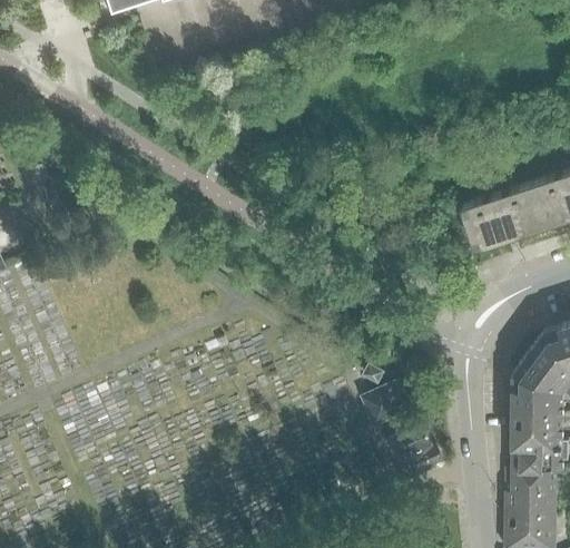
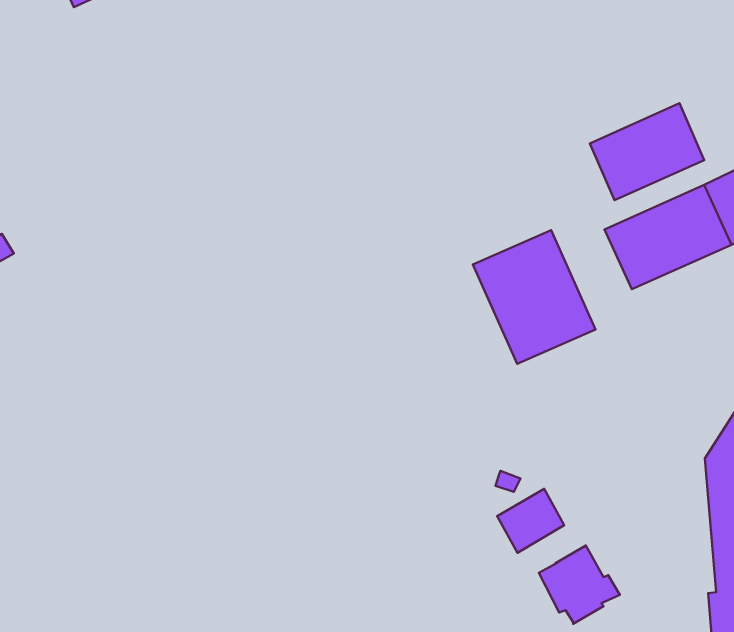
building: none -> [590,103,704,200]
building: none -> [473,230,595,364]

